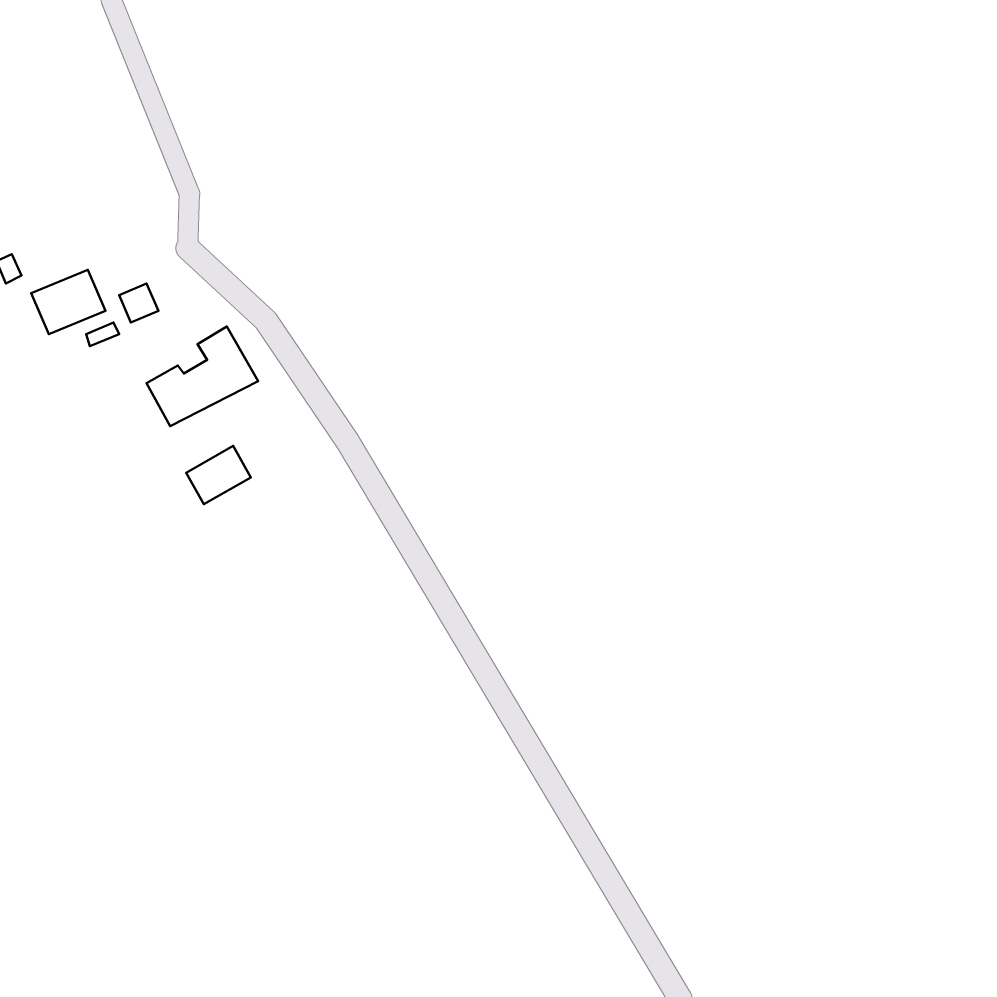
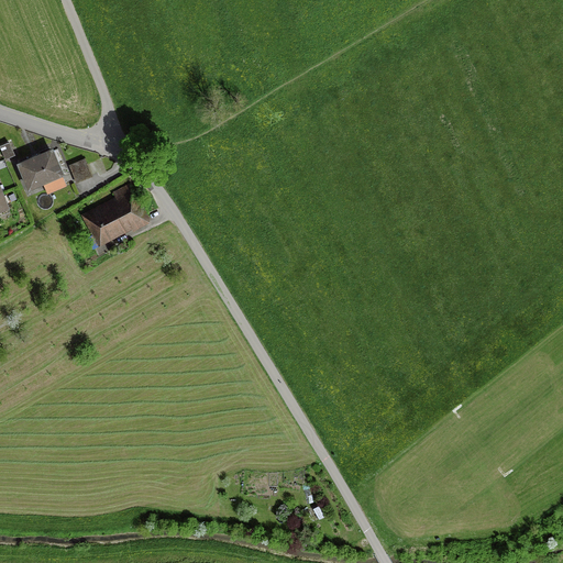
building: [186,446,251,504] -> none

